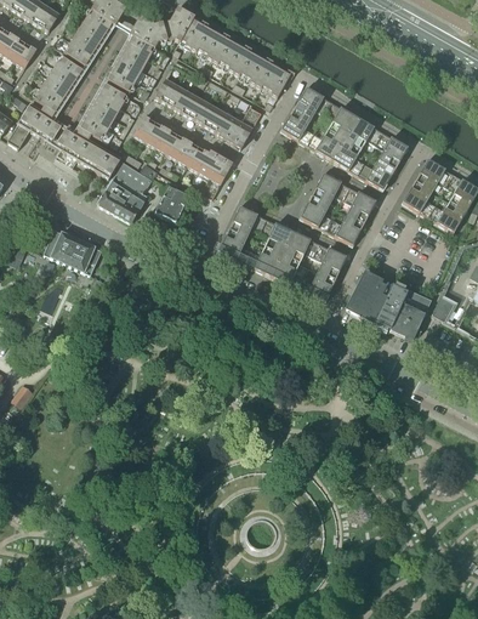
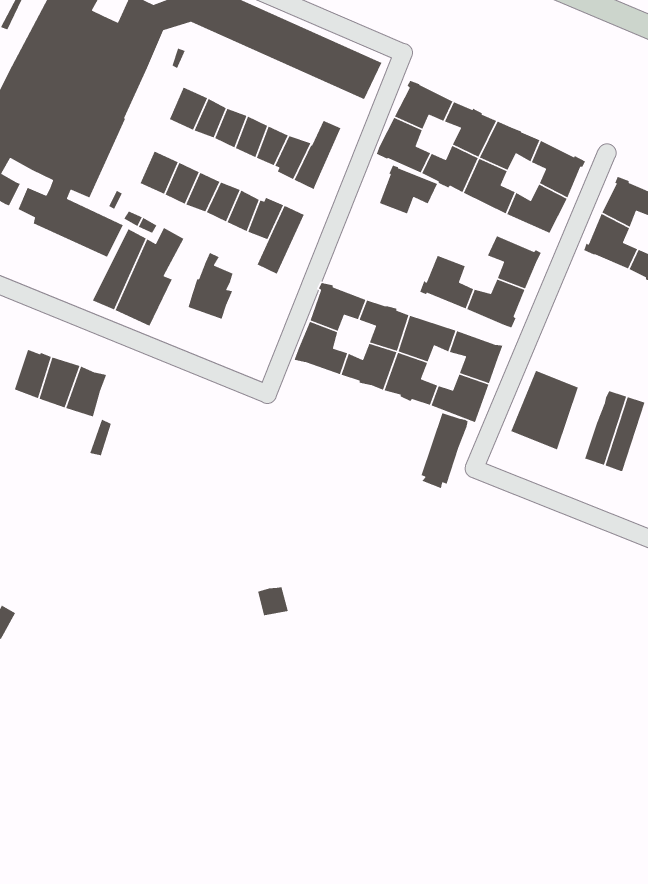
building: [312,172,349,204] -> [379,164,438,214]
building: [374,285,406,333] -> [420,412,468,489]

